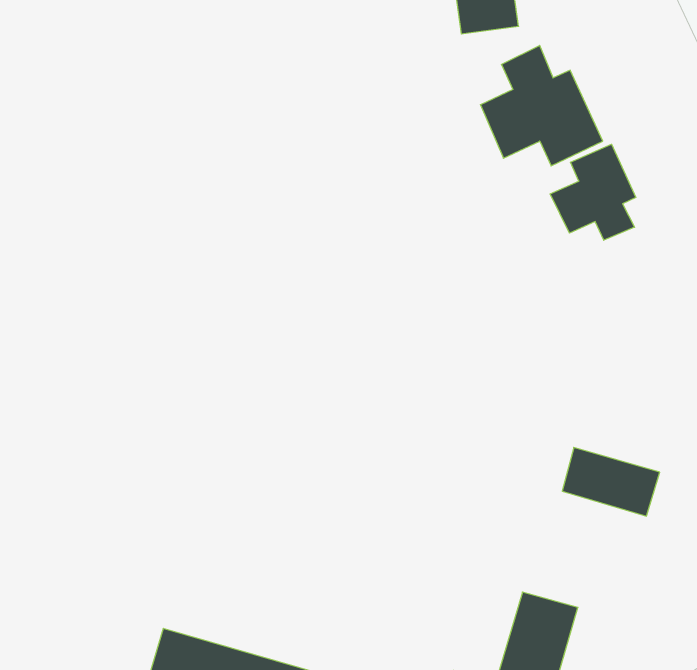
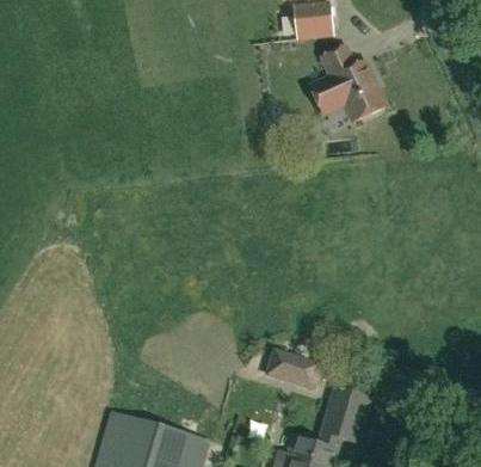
building: [550,144,636,240] -> none
building: [562,447,660,516] -> [266,349,327,392]

